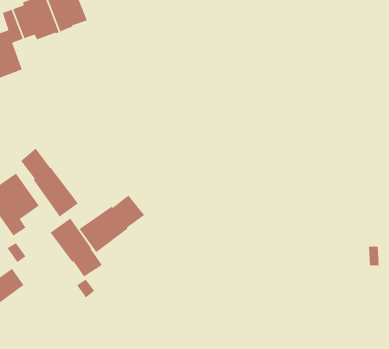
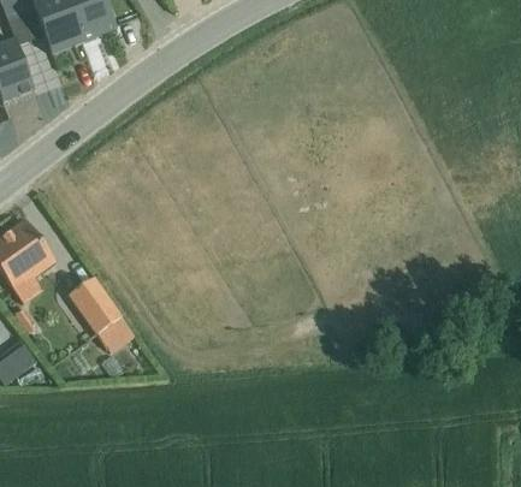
building: [20,148,79,217] -> none
building: [79,195,145,253] -> none

